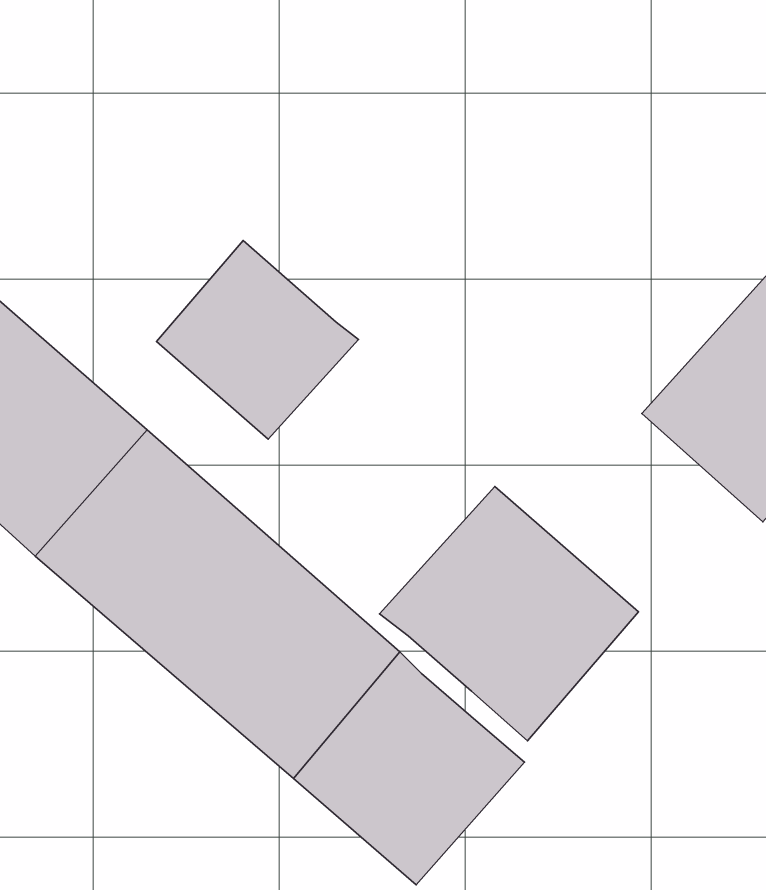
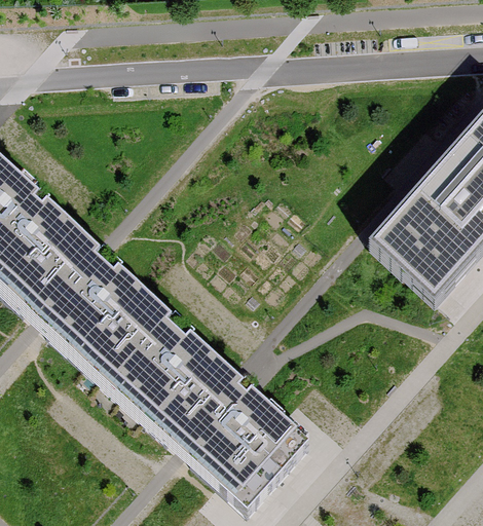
building: [156,240,358,439] -> none
building: [380,486,639,741] -> none

